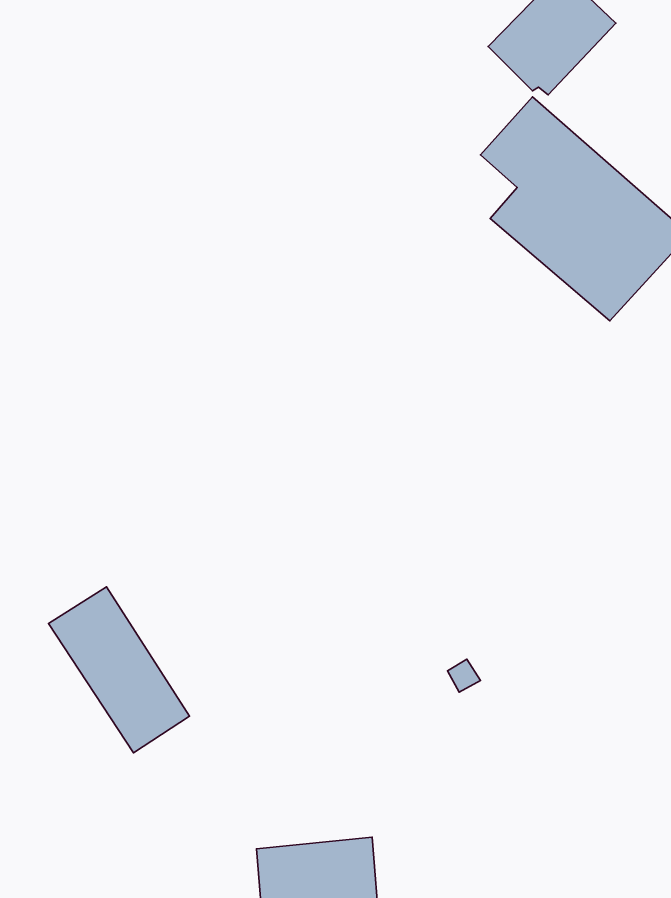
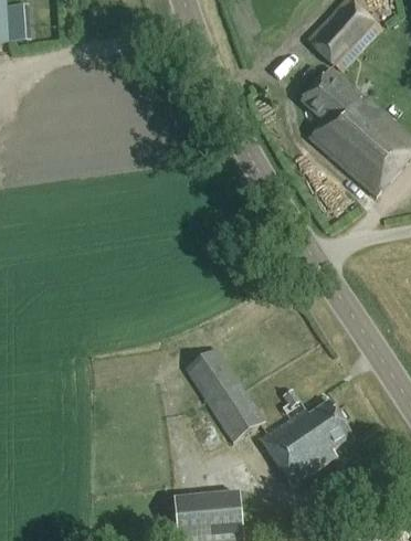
building: [49,587,190,753] -> [183,346,264,441]
building: none -> [259,399,350,484]

